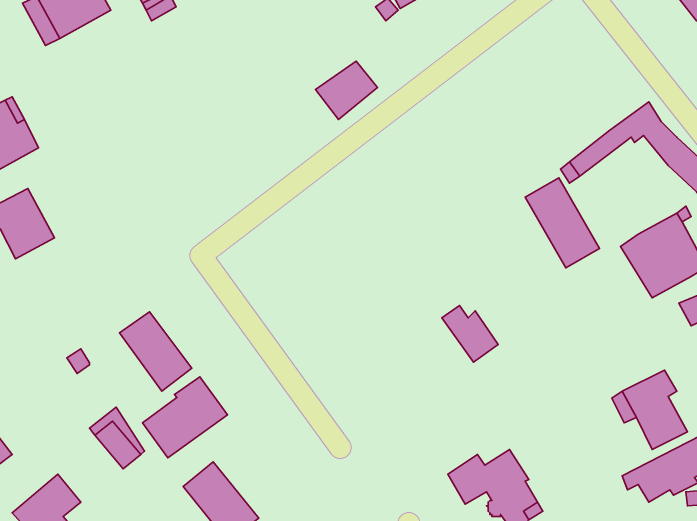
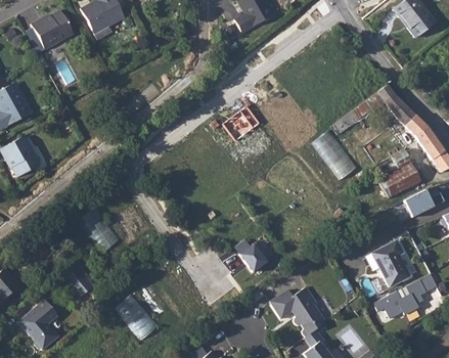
building: [316,61,377,119] -> [224,107,260,141]
building: [442,306,498,362] -> [235,240,268,273]
building: [142,377,227,458] -> none

